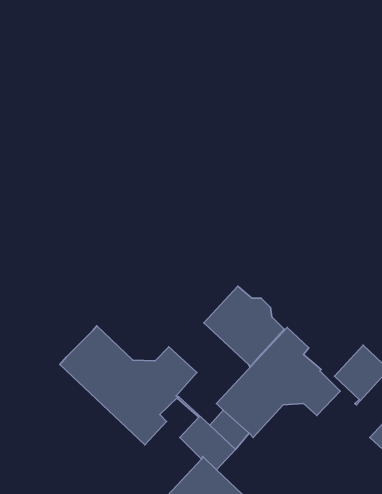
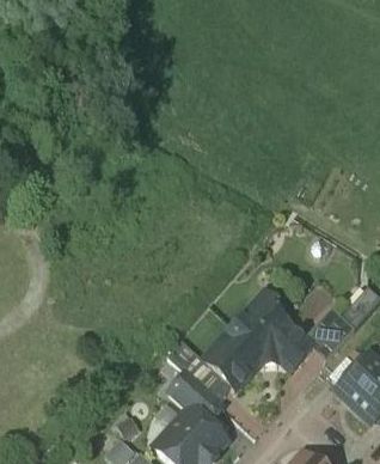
building: [204,286,284,367] -> none
building: [60,326,197,445] -> none

